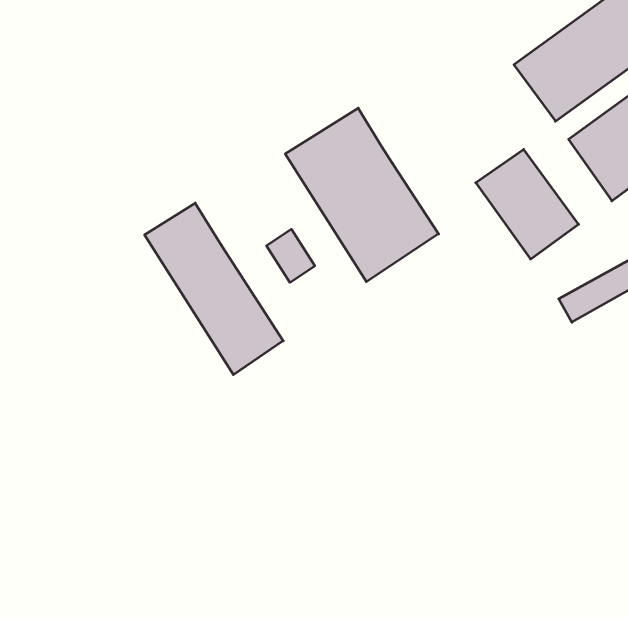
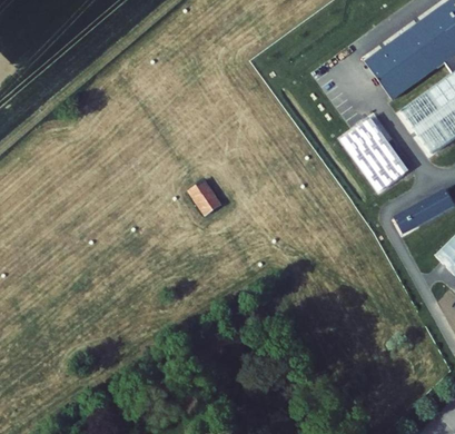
building: [285,108,439,282] -> none
building: [145,203,283,375] -> none

